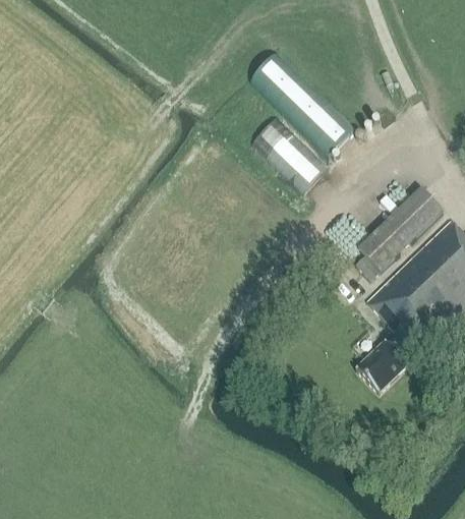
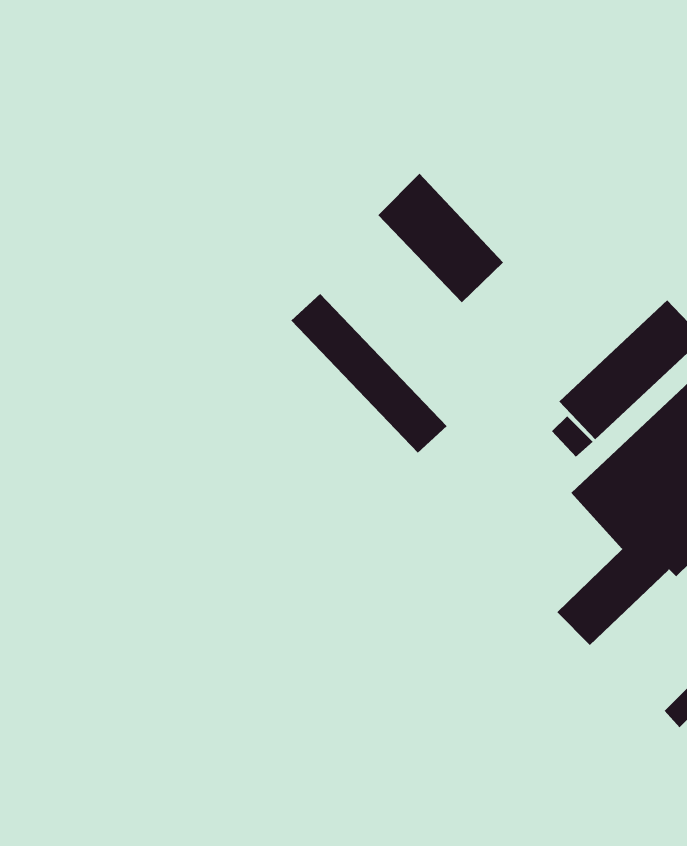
building: [247,50,357,157] -> none
building: none -> [291,293,448,453]

